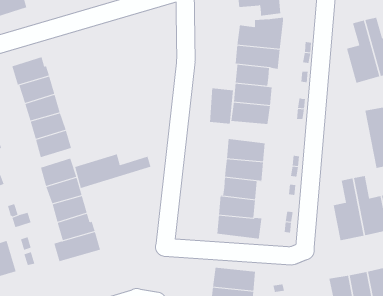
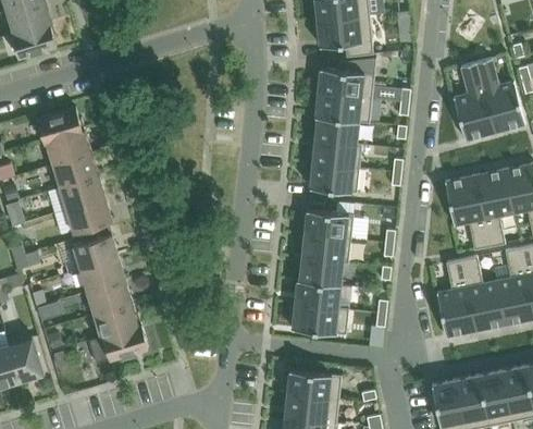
building: [210,88,233,125] -> none
building: none -> [444,175,489,250]
building: [74,154,151,189] -> none

